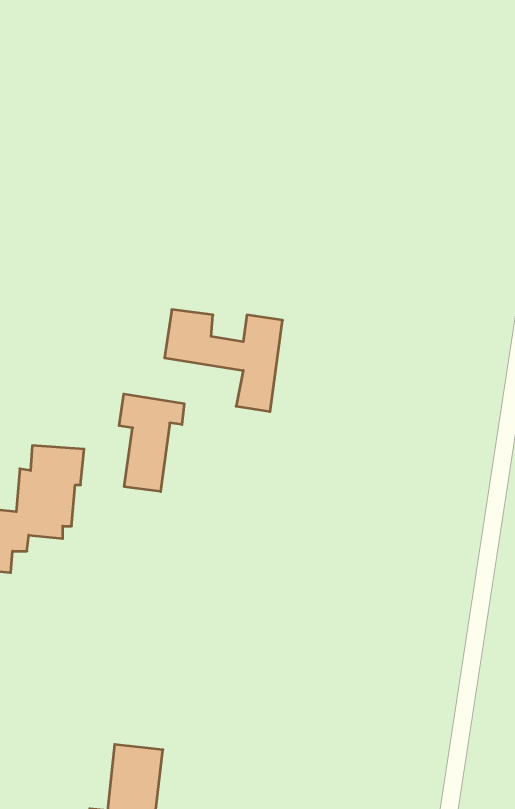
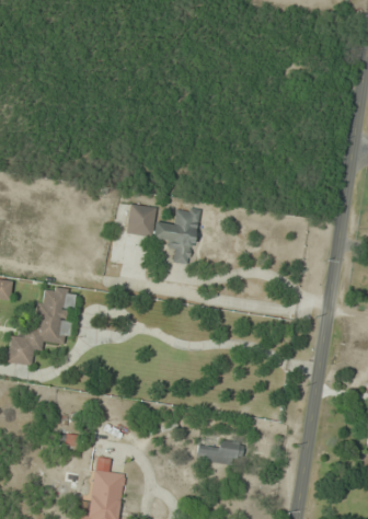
building: [119,394,184,492] -> none
building: none -> [196,439,243,465]

